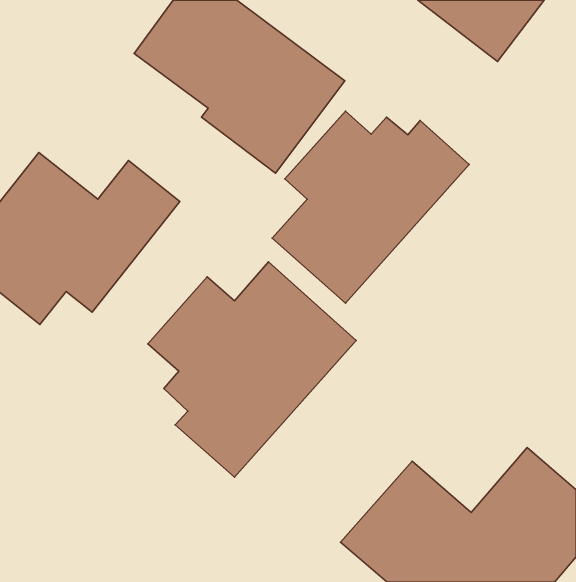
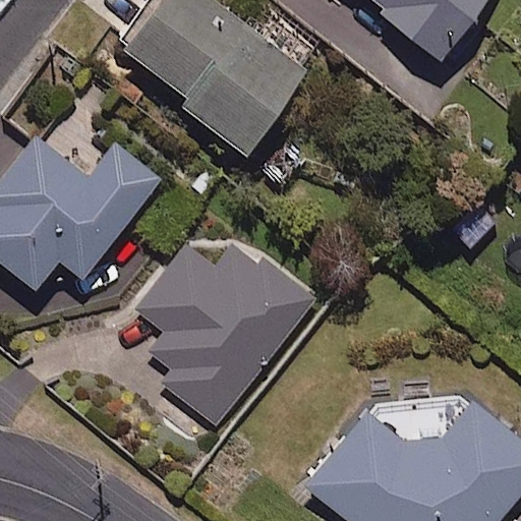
building: [272,111,469,303] -> none

